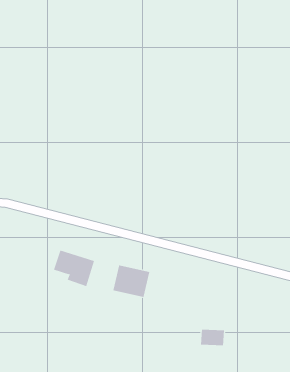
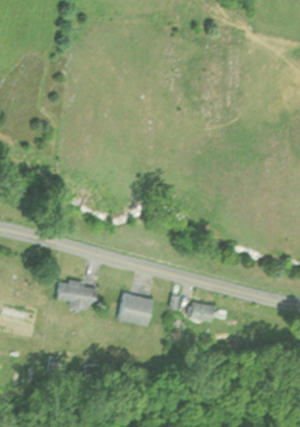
building: [200,329,225,346] -> [190,302,216,319]

